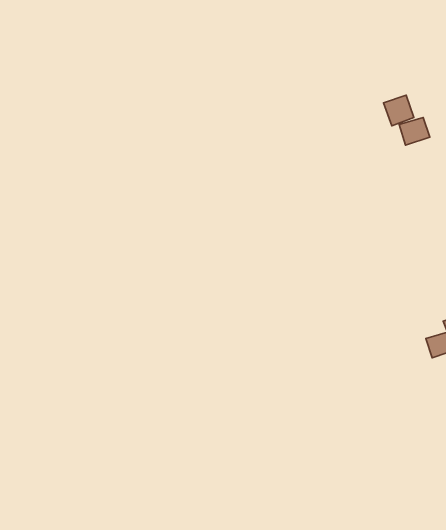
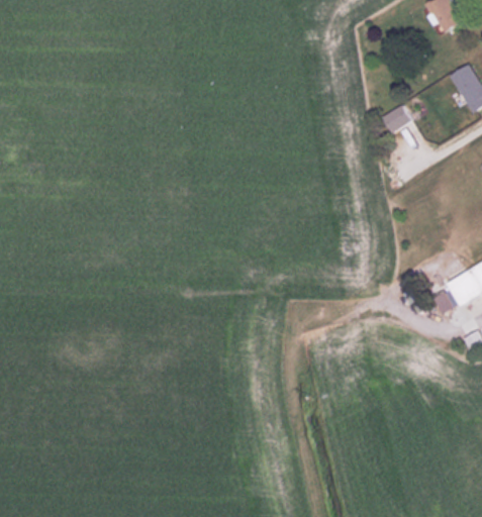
building: [383,95,414,126] -> none

